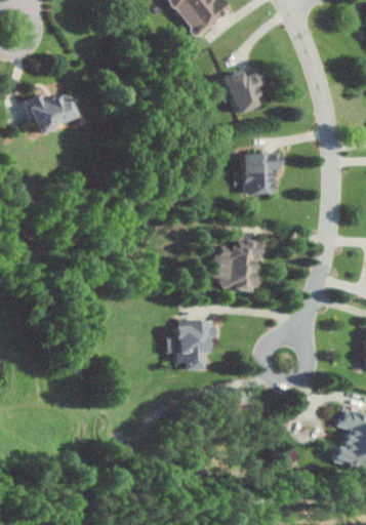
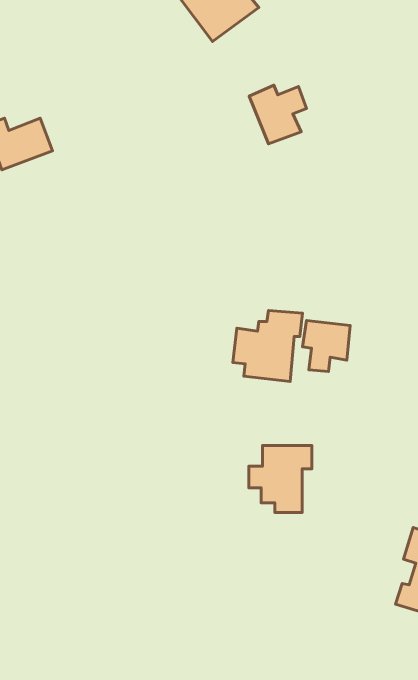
building: [243,154,280,195] -> none
building: none -> [303,321,350,372]
building: [167,321,214,371] -> [249,446,312,513]

